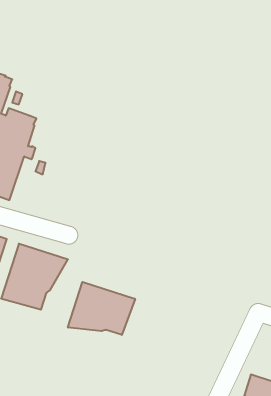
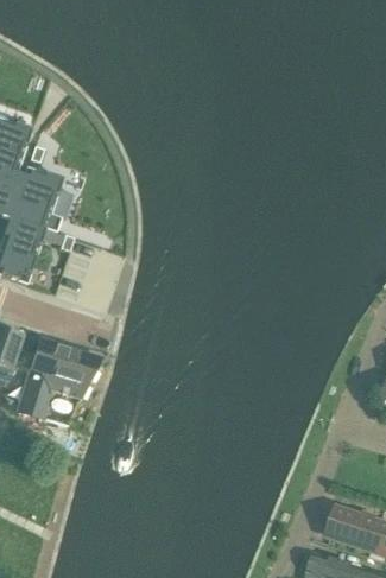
building: [68,282,135,335] -> none

